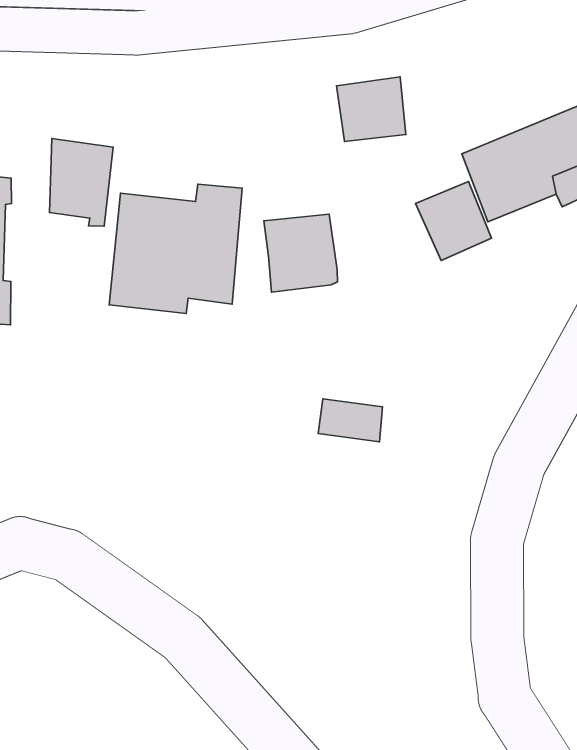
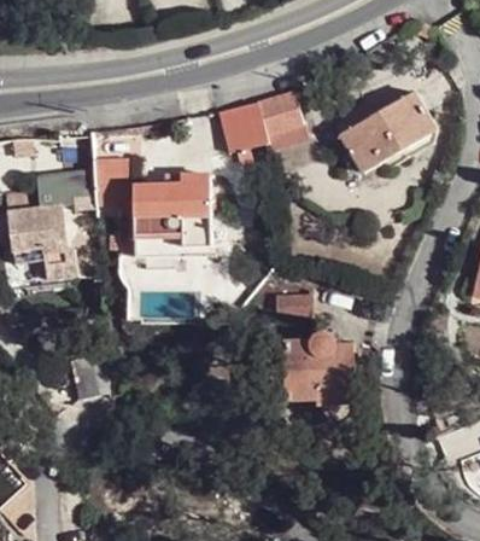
building: [415,181,492,261] -> none
building: [264,214,337,292] -> [217,100,268,153]
building: none -> [287,330,357,425]

